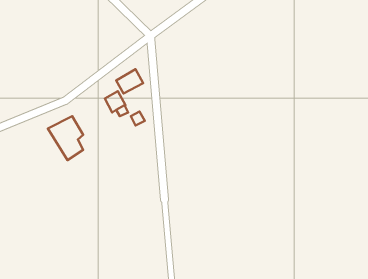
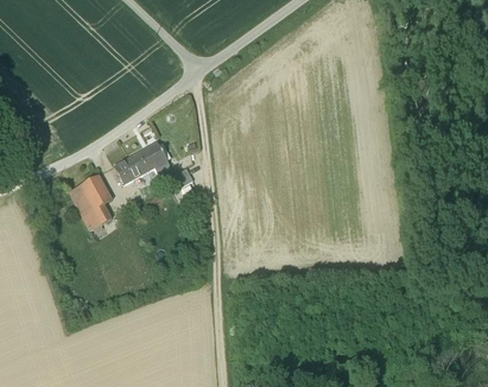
building: [116,69,143,93] -> [114,152,148,183]

